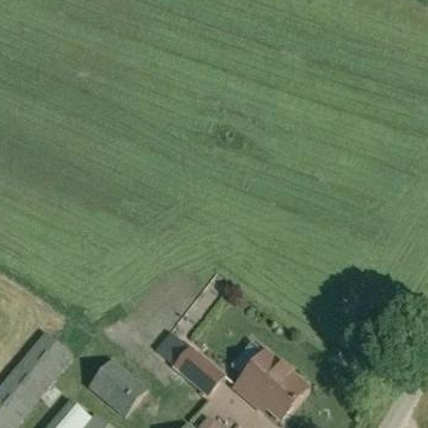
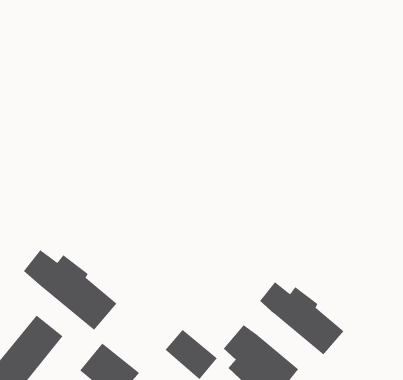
building: none -> [23,249,117,331]
building: none -> [259,281,344,355]

